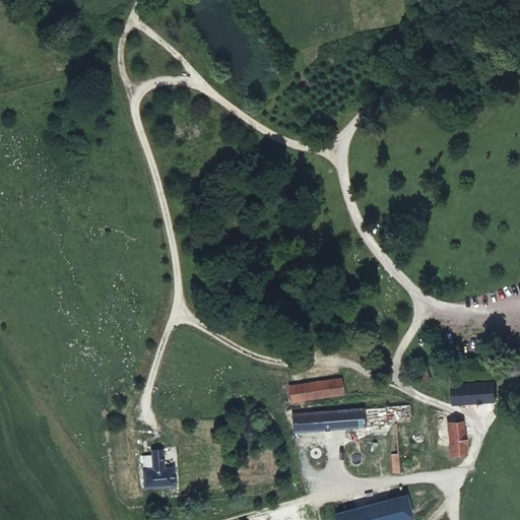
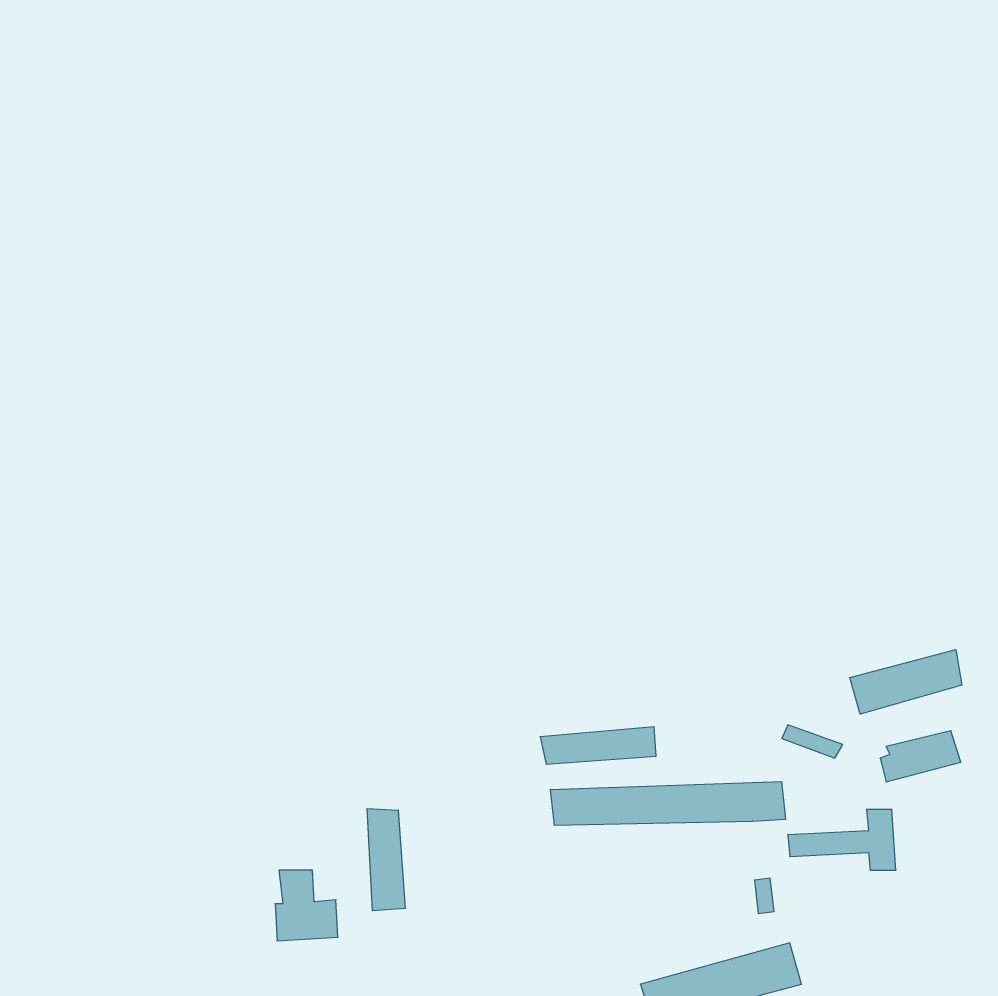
building: none -> [850,650,962,714]
building: none -> [367,809,405,911]

